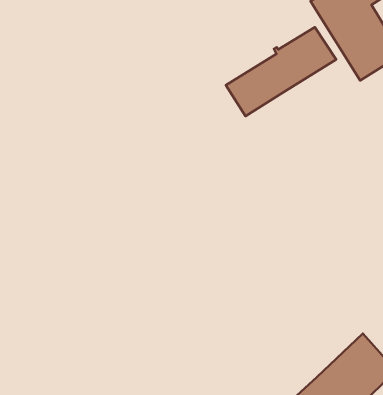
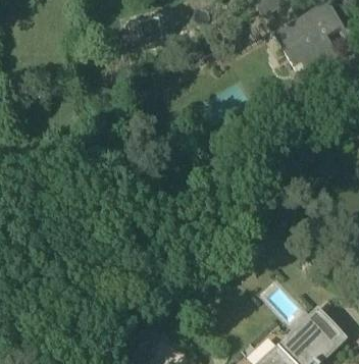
building: [226,27,336,116] -> none

